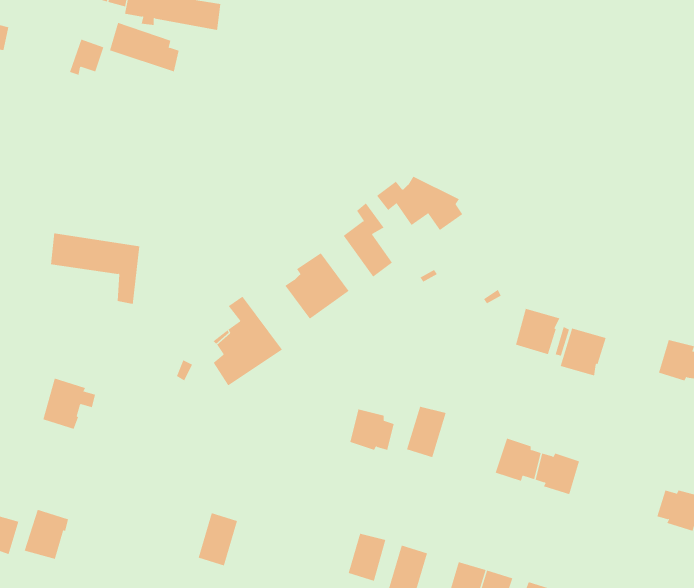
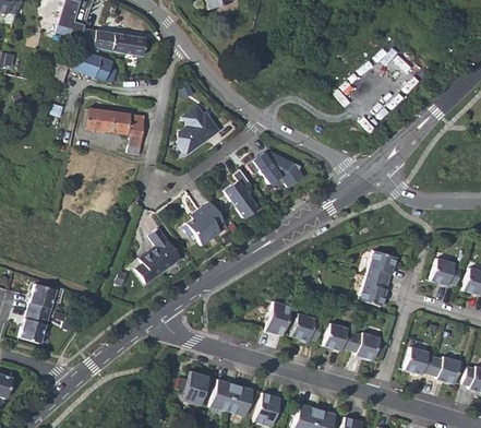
building: none -> [179,106,219,154]
building: [50,233,140,305] -> [86,108,145,155]
building: [515,308,560,355] -> [360,275,389,306]
building: [350,409,395,450] -> [292,313,322,341]
building: none -> [405,346,435,374]
building: [24,509,69,559] -> [20,310,49,343]
building: [198,513,238,566] -> [182,370,208,405]
building: none -> [211,379,236,411]

